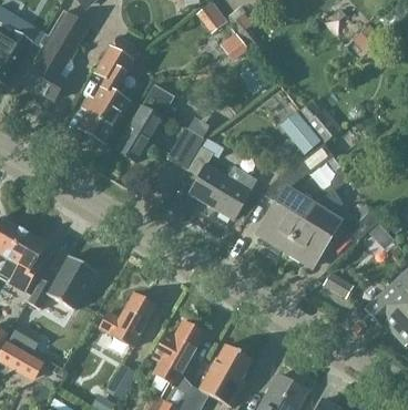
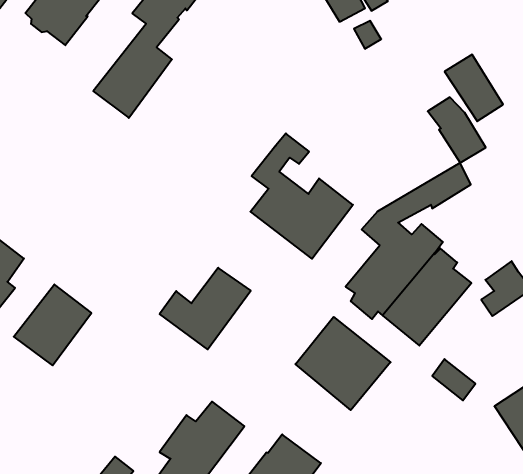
building: [116,93,171,162] -> none
building: [279,112,320,155] -> [445,55,503,121]
building: [167,127,204,170] -> none
building: none -> [295,317,391,410]
building: [99,293,156,347] -> [160,268,251,349]

